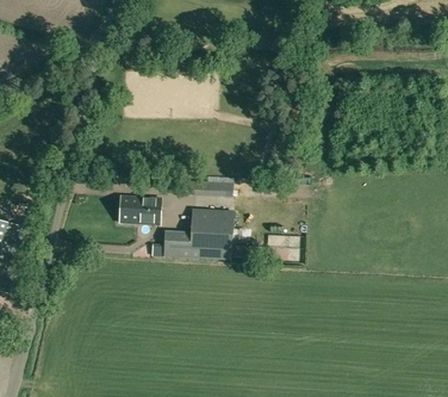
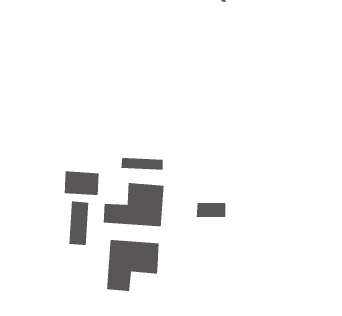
building: none -> [69,201,89,246]
building: none -> [106,239,160,292]

